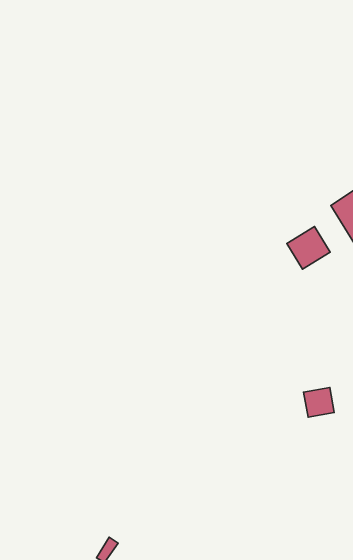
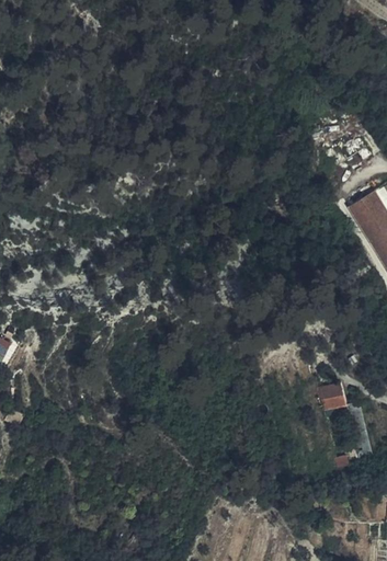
building: [287,226,330,269] -> none

